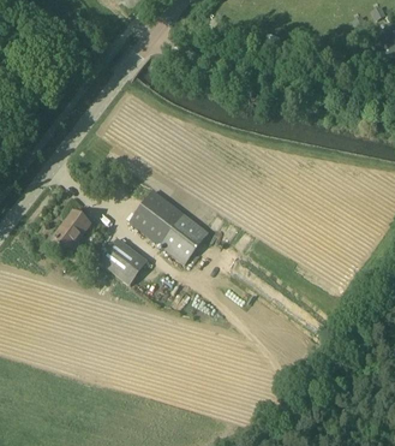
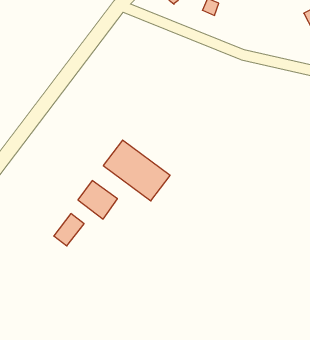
building: [54,210,90,249] -> [54,214,84,246]

